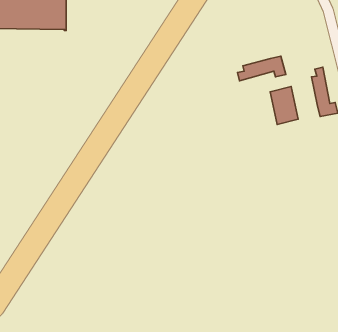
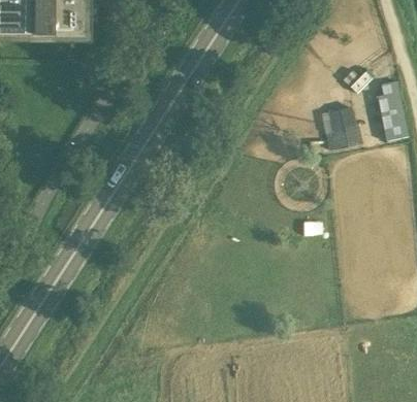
building: [237,56,286,81] -> none

